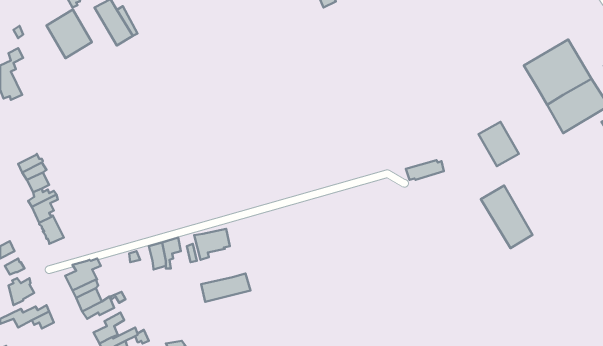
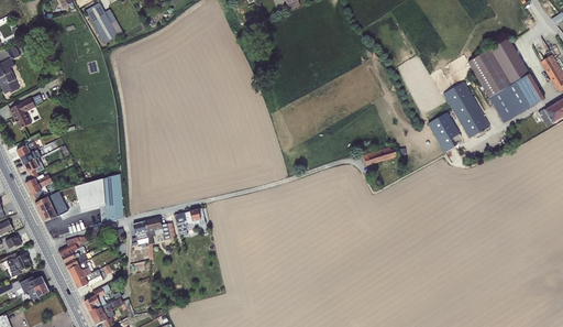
building: [46,10,92,58] -> none
building: none -> [10,94,43,129]
building: [481,185,533,248] -> [443,81,489,138]
building: none -> [75,173,123,222]
building: [201,274,250,302] -> none

